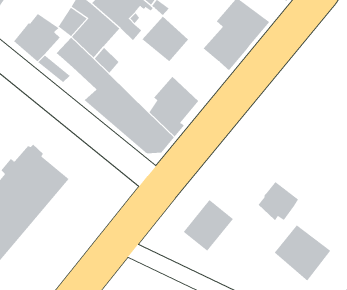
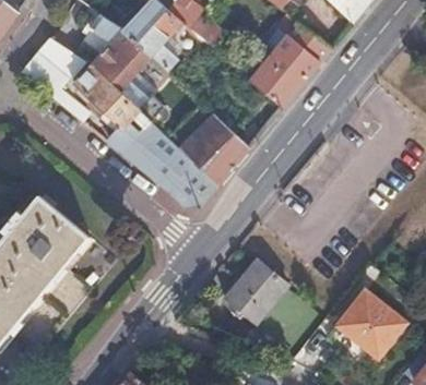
building: [141,16,189,62] -> none
building: [258,181,299,221] -> none

